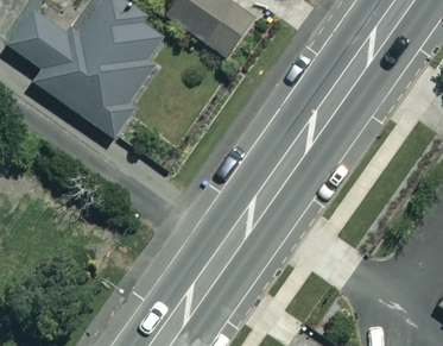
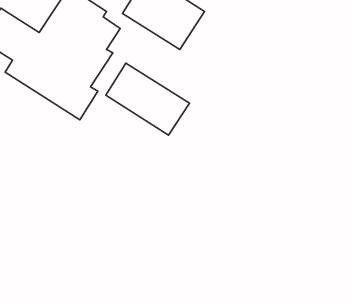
building: none -> [106,63,189,135]

